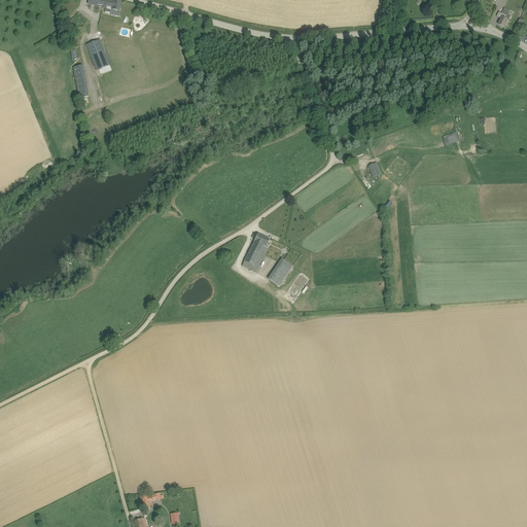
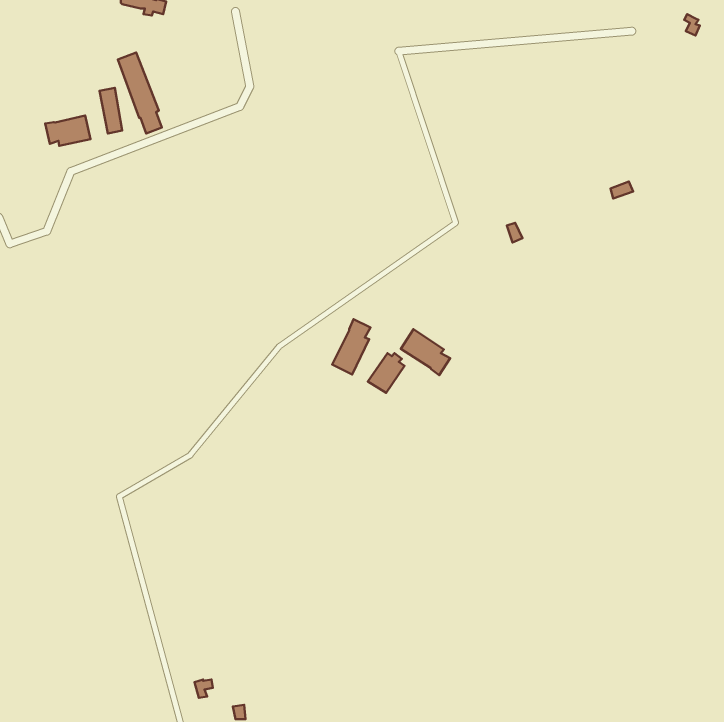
building: none -> [45,115,91,146]
building: none -> [401,329,450,375]

